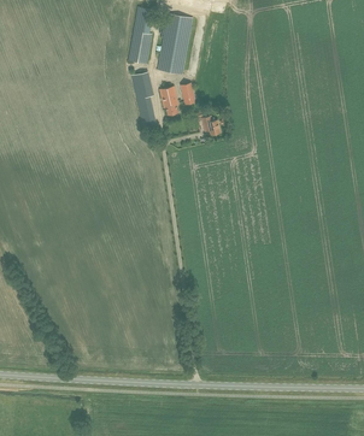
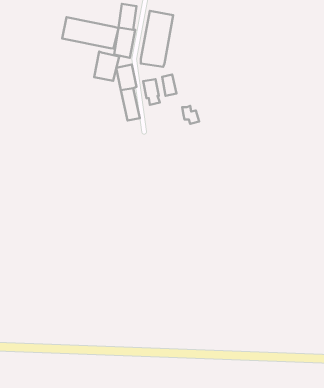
building: none -> [62,17,118,48]
building: none -> [94,52,119,81]

